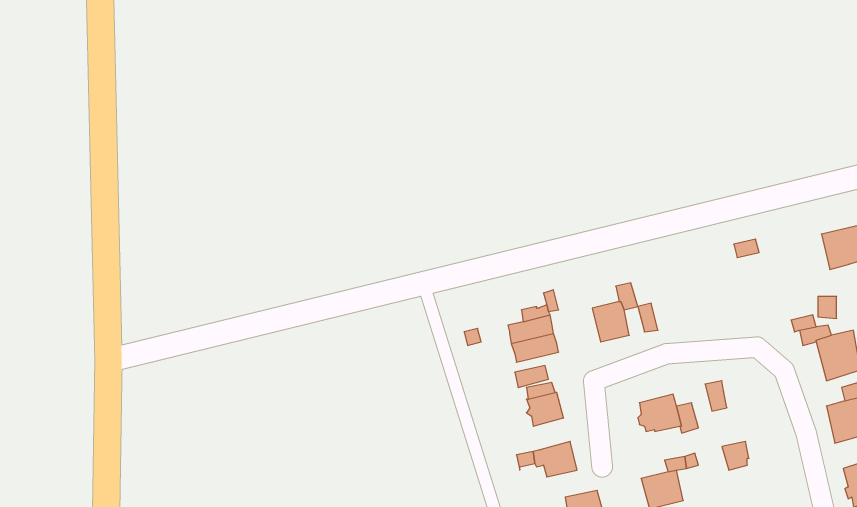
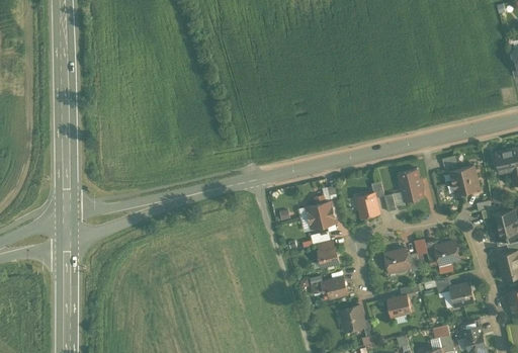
building: none -> [449,166,479,194]
building: none -> [397,169,424,202]
building: none -> [435,242,458,264]
building: none -> [449,282,473,306]

